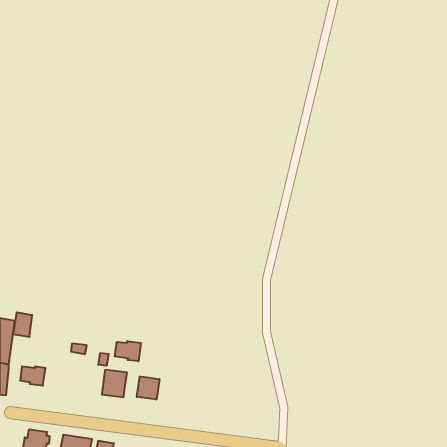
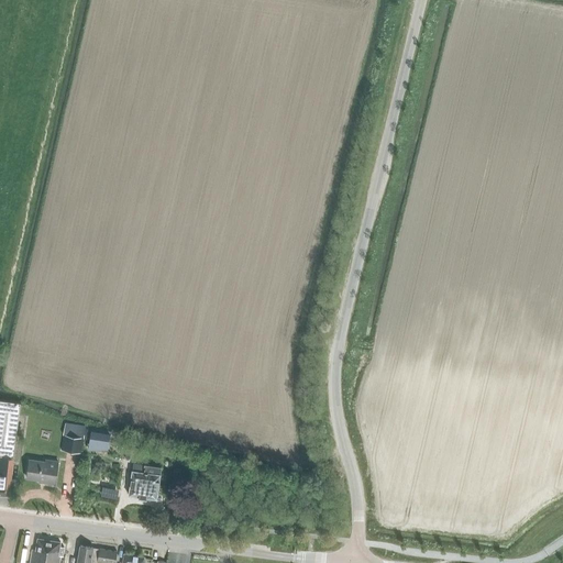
building: [13,312,32,337] -> [59,423,84,454]
building: [115,341,141,361] -> none
building: [137,376,159,400] -> none

